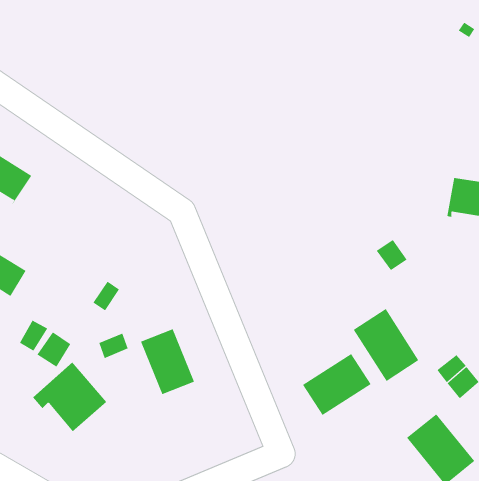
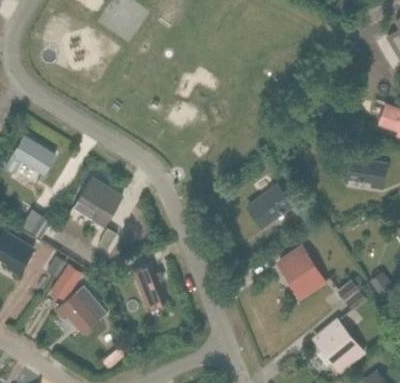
building: none -> [73,182,122,227]
building: none -> [247,186,292,227]
building: [302,353,371,416] -> none

